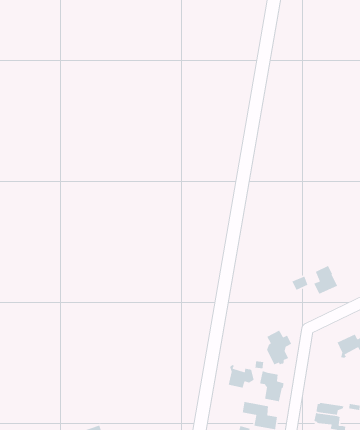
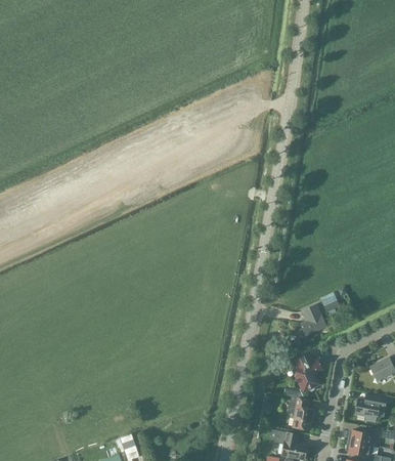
building: [313,265,338,295] -> [300,304,326,336]
building: [228,364,254,388] -> none
building: none -> [355,395,387,418]

